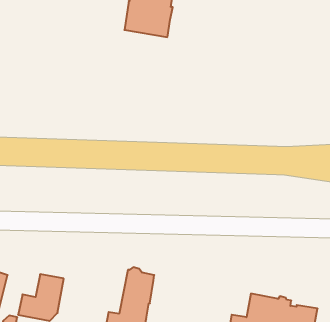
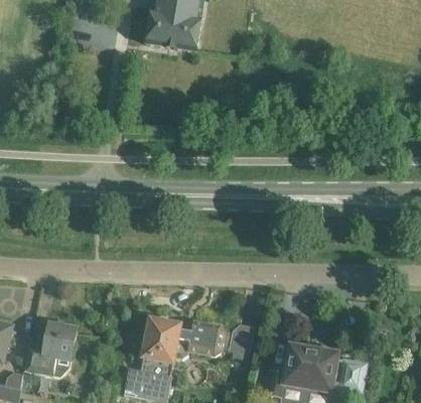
building: none -> [174,321,223,360]
building: none -> [228,321,251,352]

